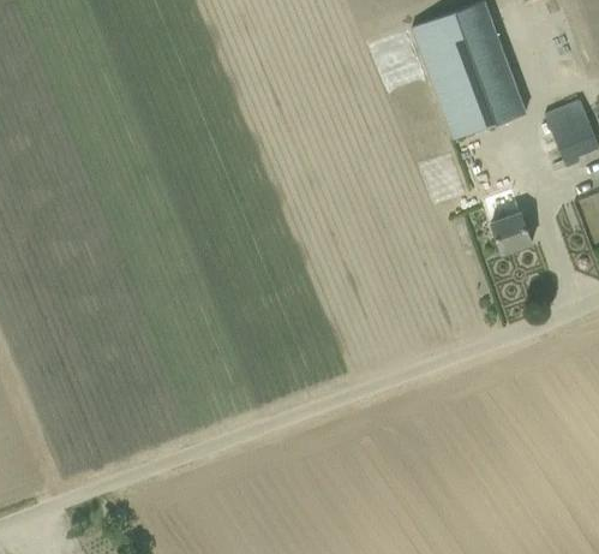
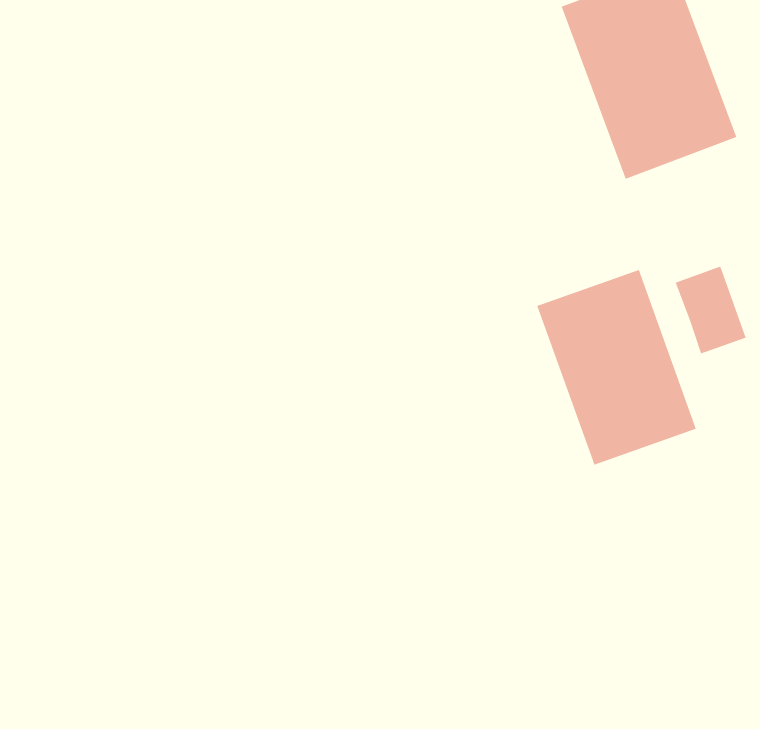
building: none -> [537,269,697,466]

